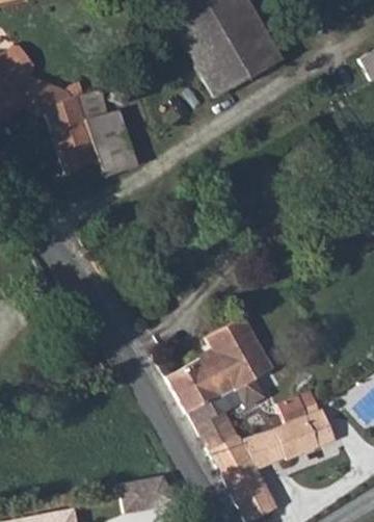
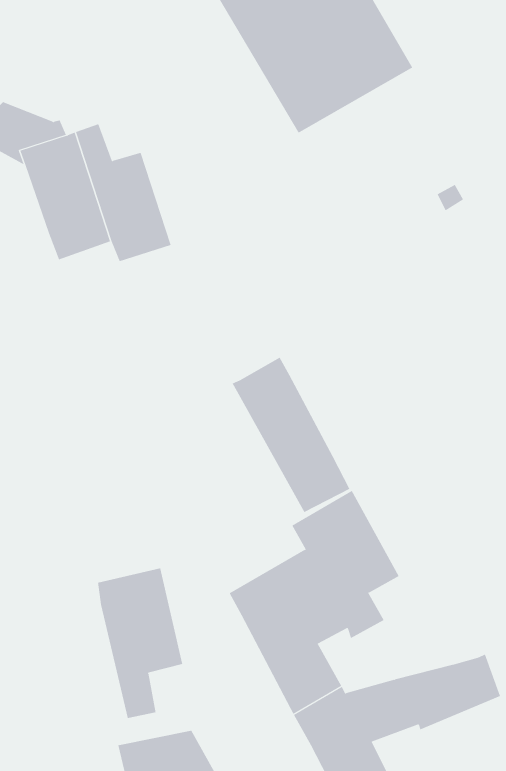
building: none -> [232,357,350,513]
building: none -> [97,568,183,719]
building: [268,400,324,433] -> none

